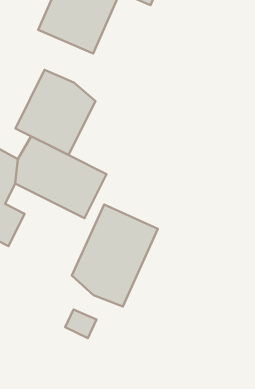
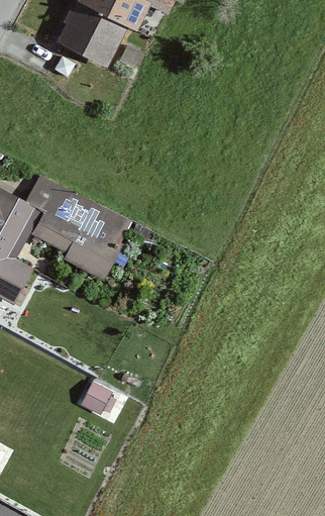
building: [16,70,96,155] -> none
building: [72,204,158,306] -> none

